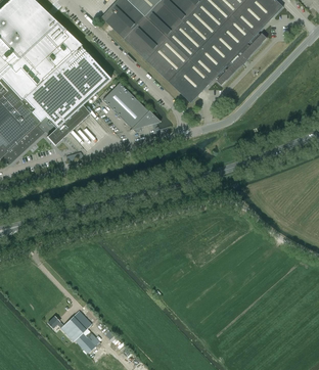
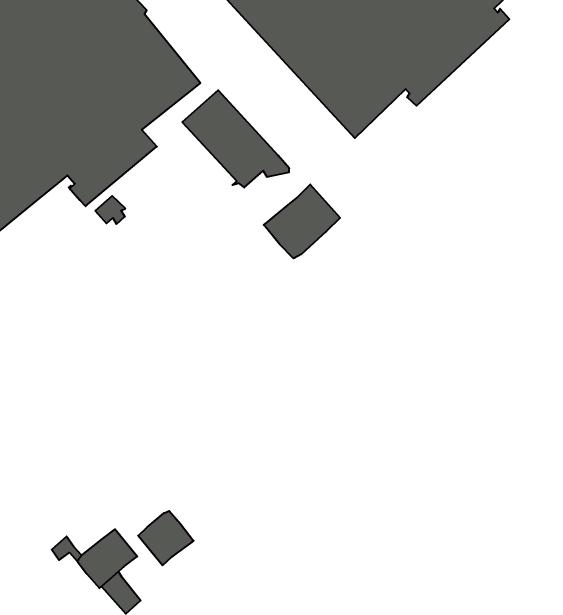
building: none -> [264,184,340,258]
building: none -> [138,511,194,565]

